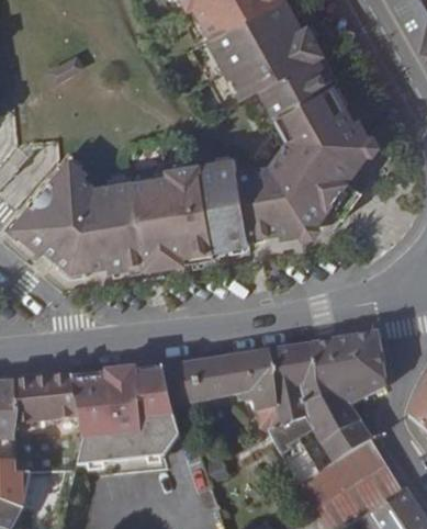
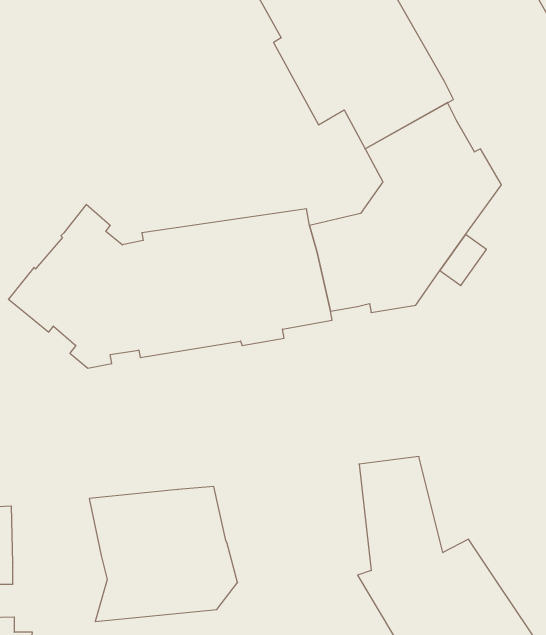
building: [312,331,387,414] -> none
building: [161,349,277,430] -> none
building: [13,374,79,421] -> none

